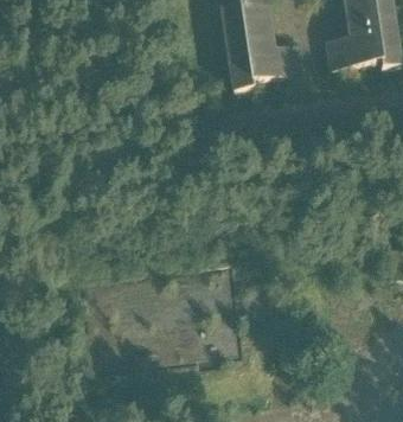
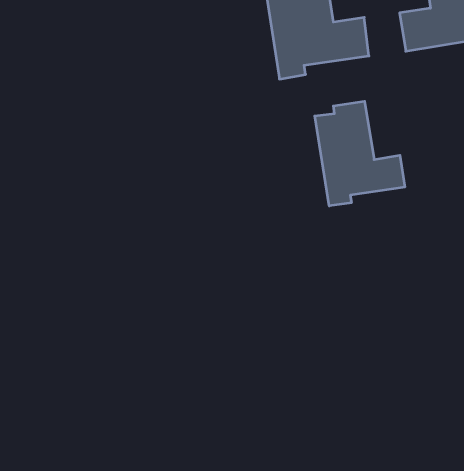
building: none -> [315,101,405,206]

